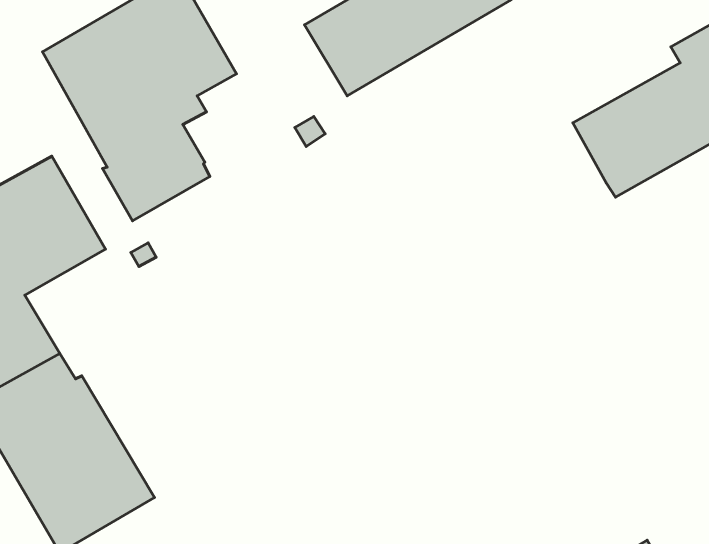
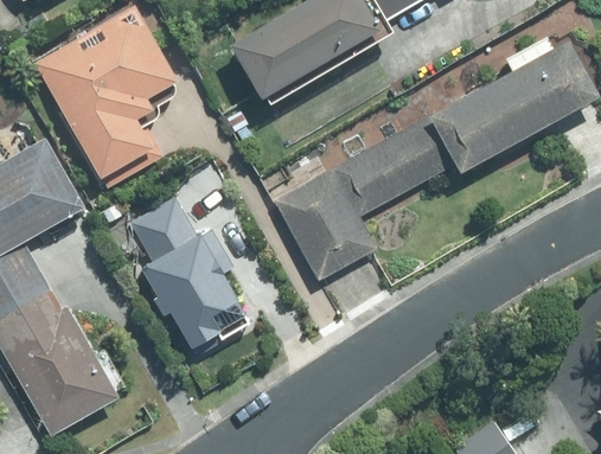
building: none -> [273,111,460,282]
building: none -> [126,199,250,356]

